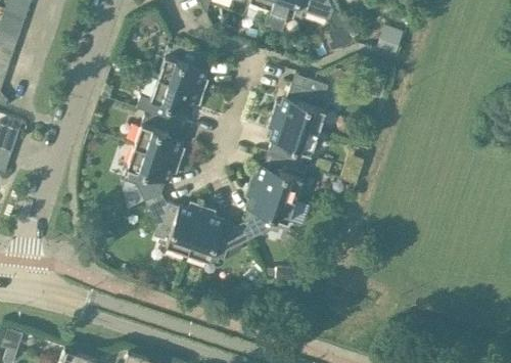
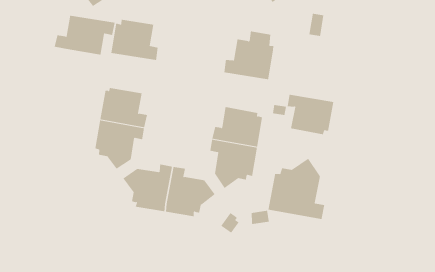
building: [135,78,203,125] -> [54,15,116,55]
building: [267,117,317,165] -> [287,94,334,135]
building: none -> [268,158,325,220]

